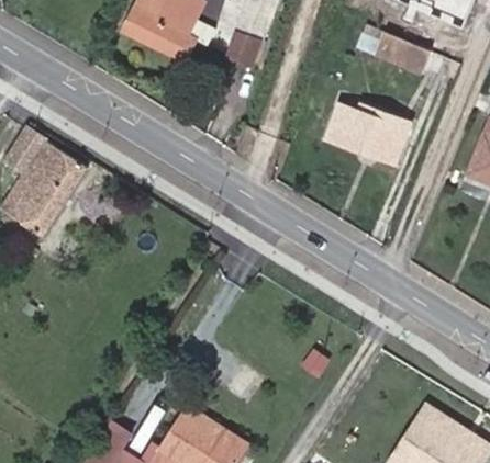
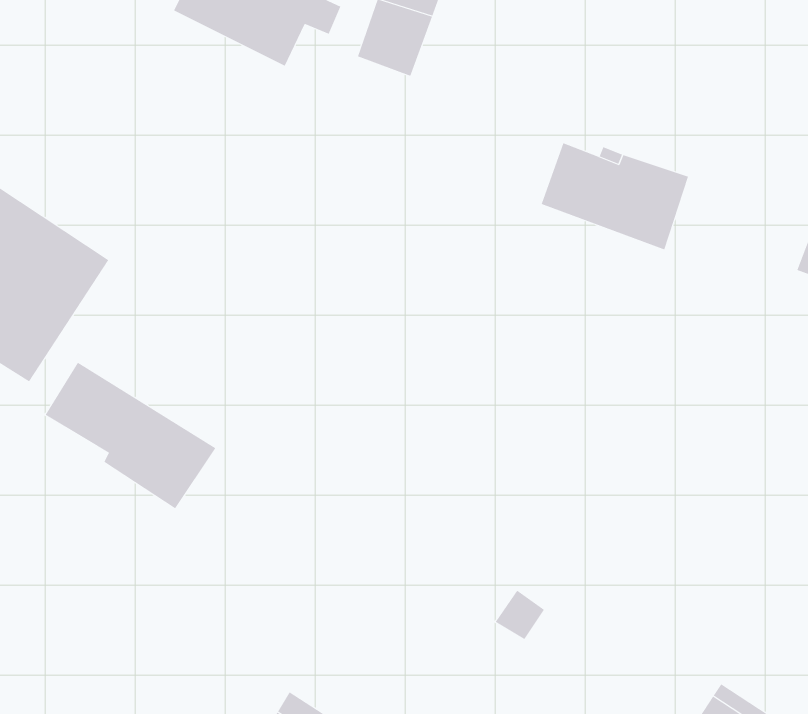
building: [374,32,428,74] -> none
building: none -> [45,362,216,509]

